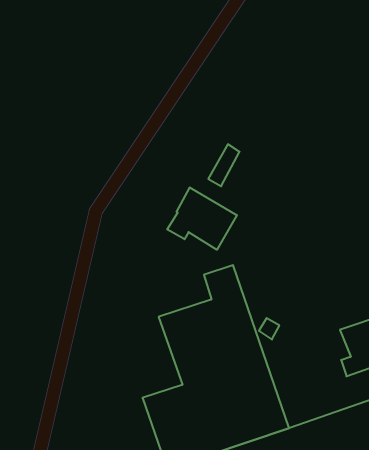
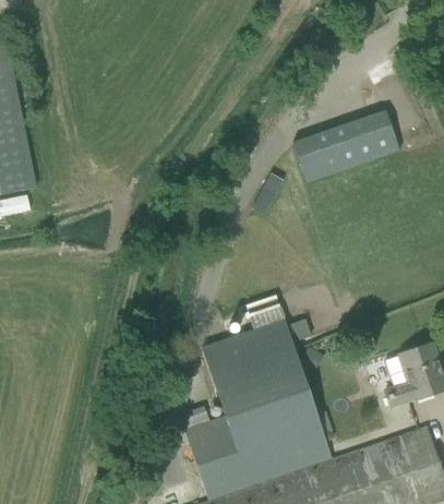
building: none -> [293,110,399,182]
building: [167,187,237,250] -> none

